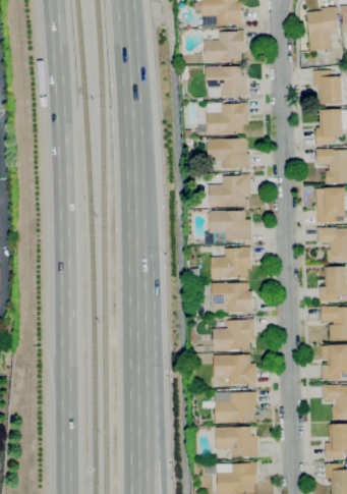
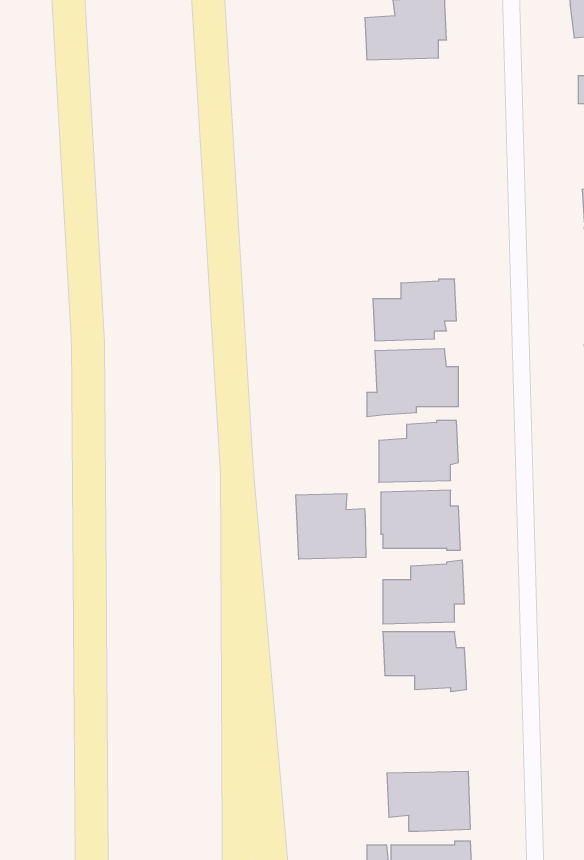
building: [205,67,247,97] -> none
building: [206,103,248,135] -> none
building: [207,140,249,169] -> none
building: none -> [296,494,366,559]
building: [214,392,256,424] -> none

